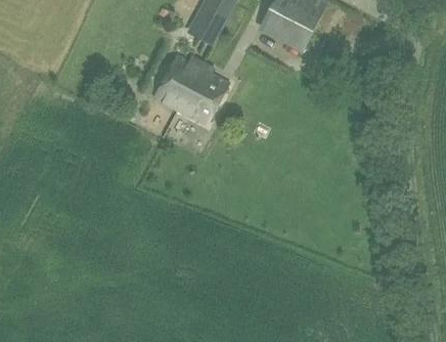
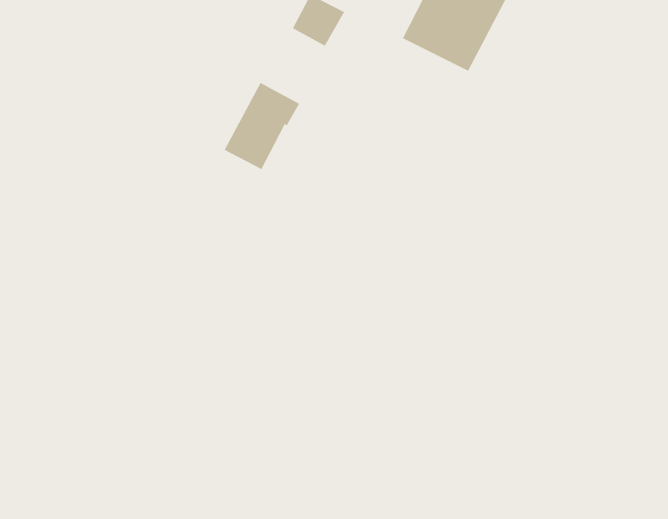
building: [177,68,228,124] -> none

